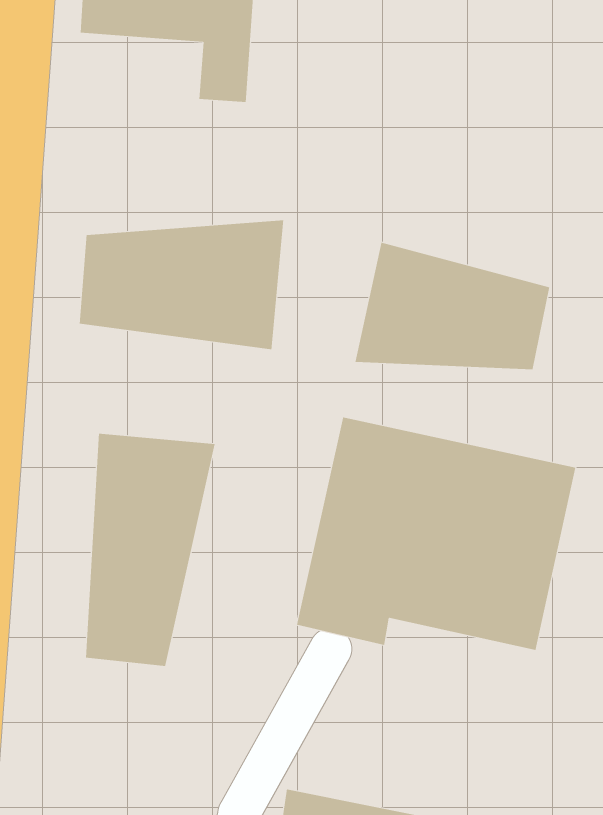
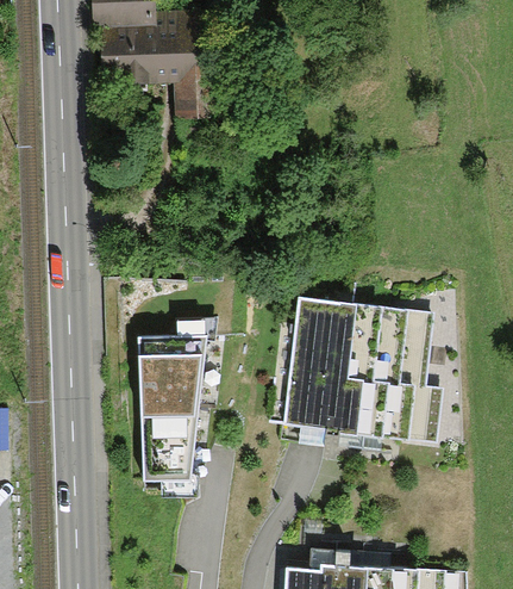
building: [79,220,284,350] -> none
building: [355,242,550,370] -> none

